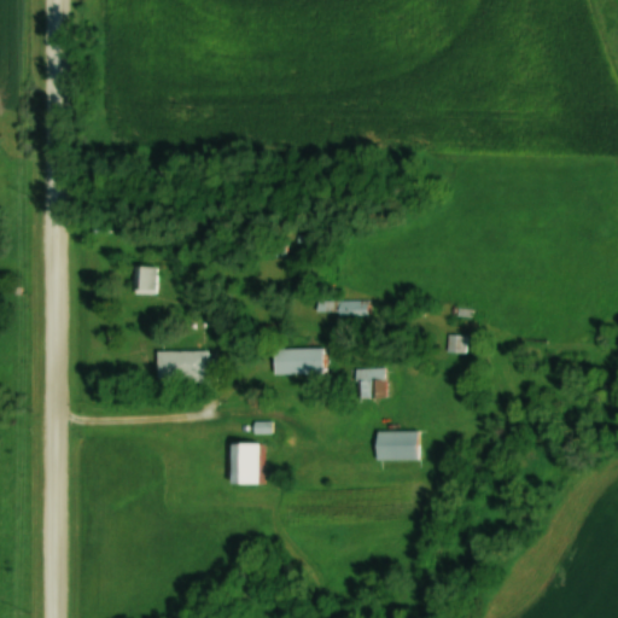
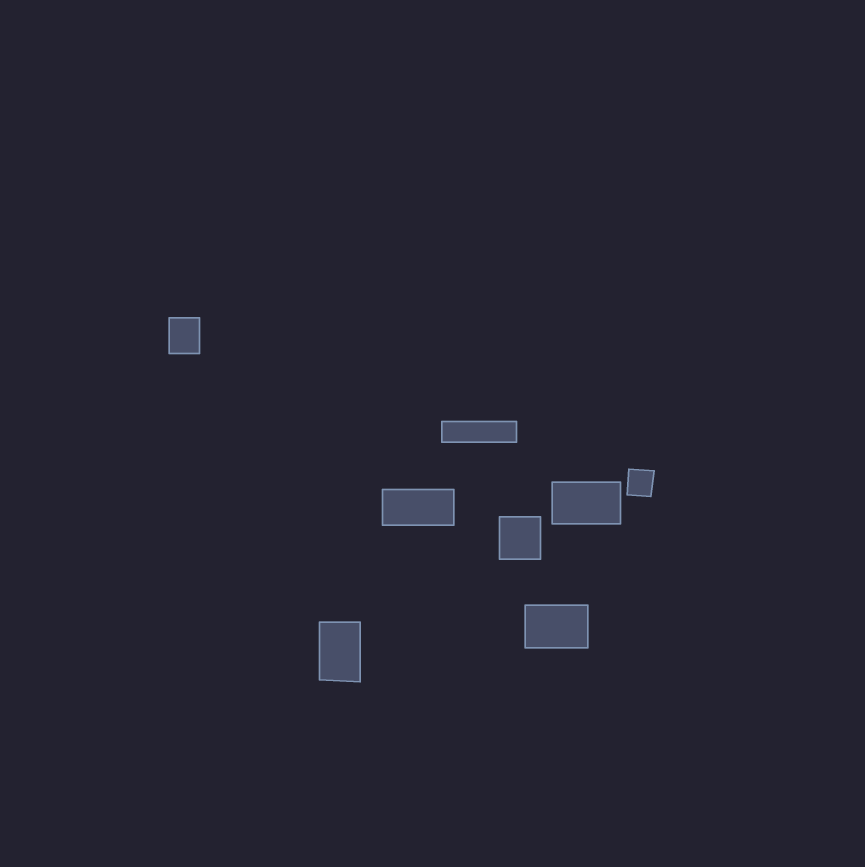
building: [136,267,158,292] -> [169,318,200,353]
building: none -> [552,482,621,524]
building: [158,351,218,383] -> none

